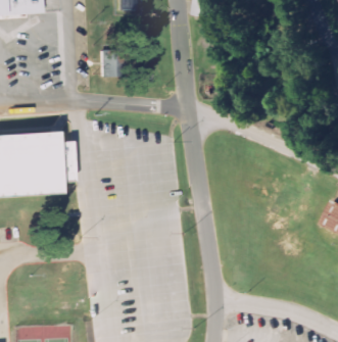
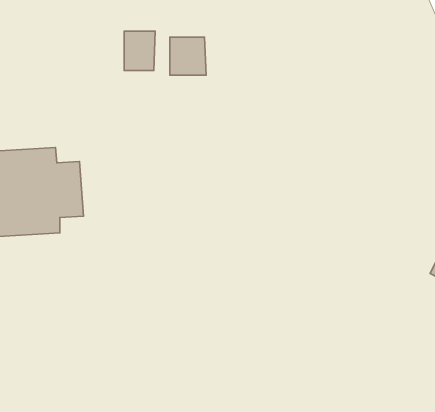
building: none -> [170,37,206,75]

